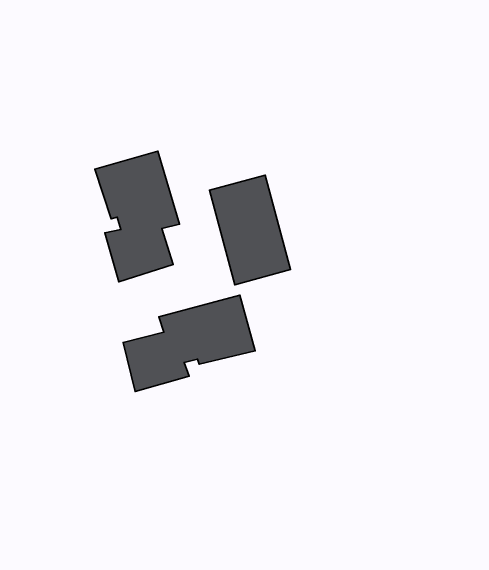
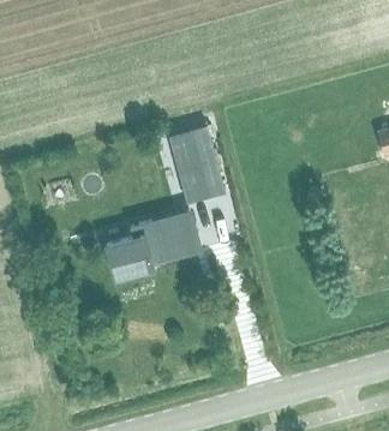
building: [95,151,179,282] -> none

